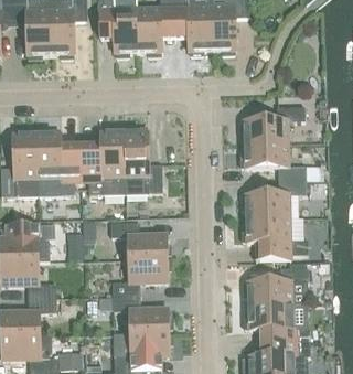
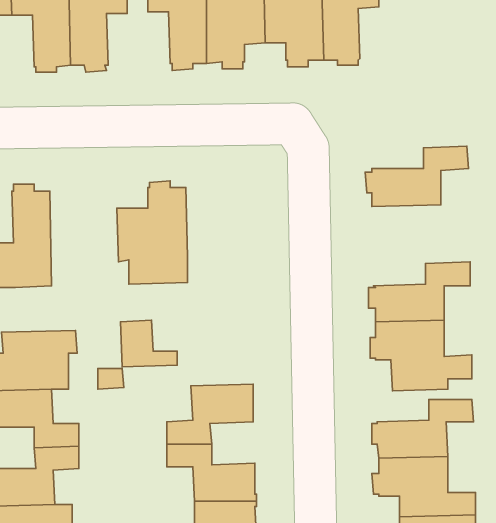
building: [125,127,163,192] -> none
building: [38,129,82,194] -> none
building: [240,142,307,180] -> none
building: [111,221,168,258] -> none

